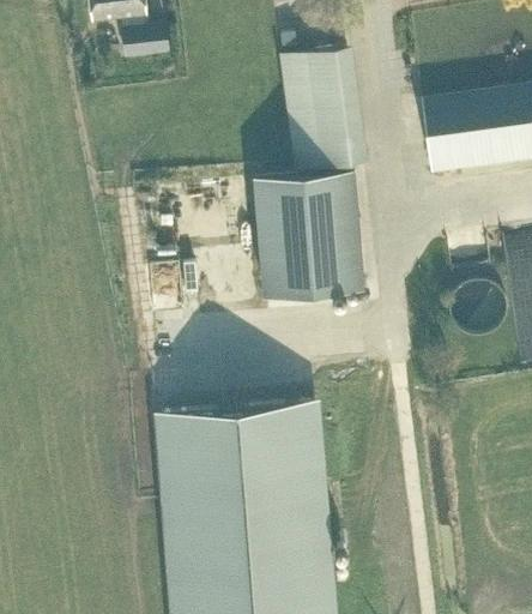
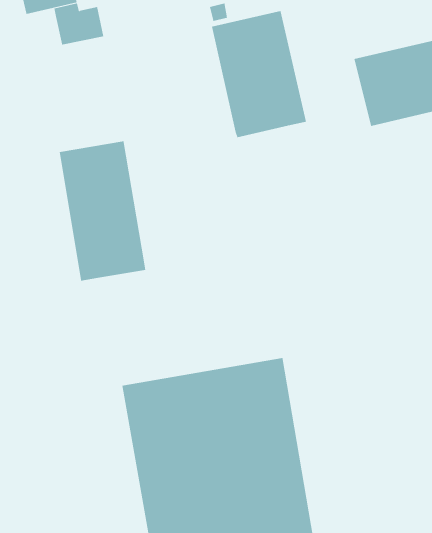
building: none -> [59,140,146,282]
building: [256,174,361,296] -> none

